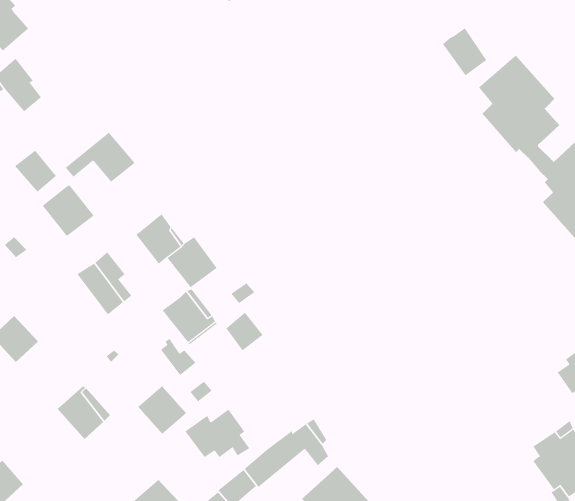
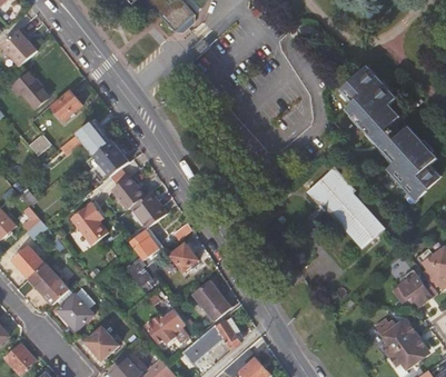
building: [442,28,488,76] -> none
building: none -> [51,89,82,119]
building: [42,184,94,237] -> [93,140,129,176]
building: none -> [305,167,384,249]
building: none -> [29,261,60,294]
building: none -> [187,280,226,319]
building: [138,385,187,435] -> [85,325,118,358]

